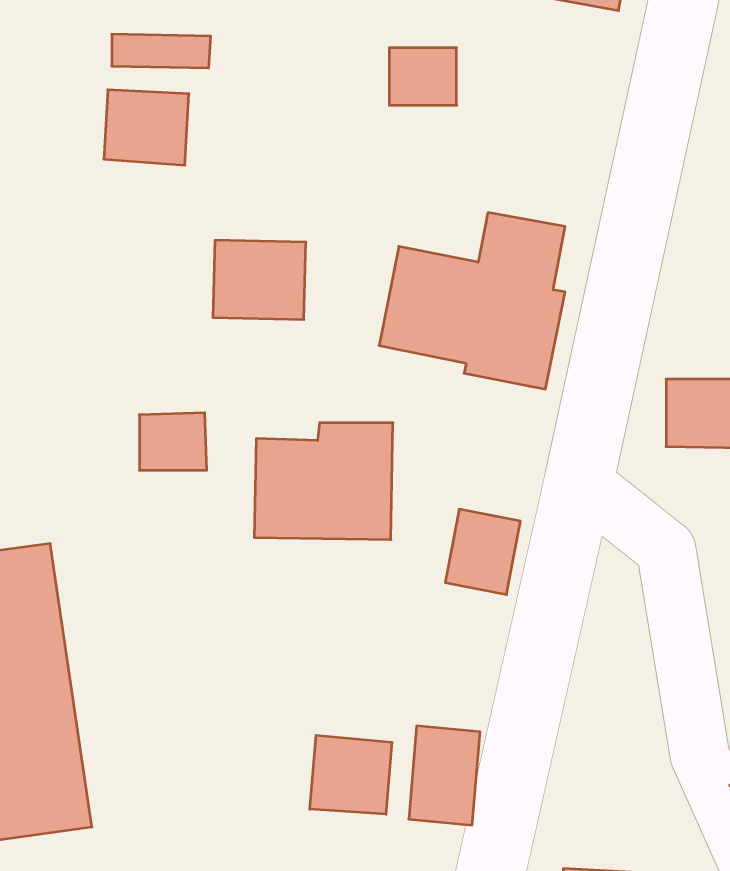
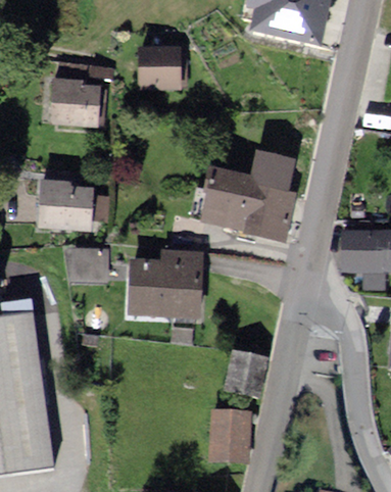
building: [389,48,457,105] -> [145,56,180,86]
building: [213,240,306,320] -> [44,188,92,229]
building: [445,509,520,595] -> [229,352,267,396]
building: [310,735,392,814] -> none

